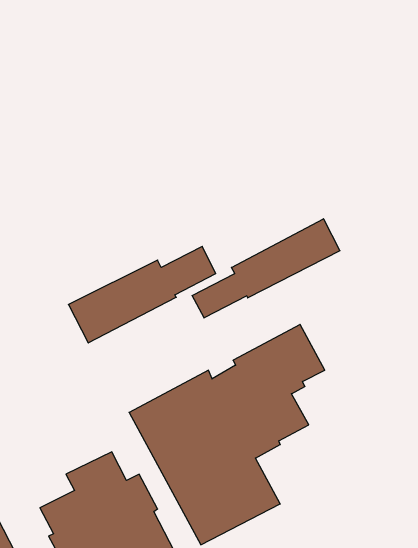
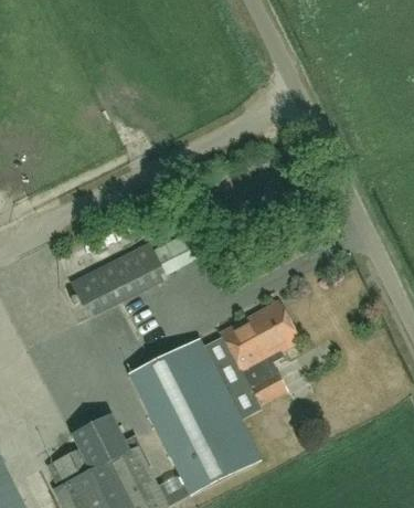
building: [192,219,340,318] -> none

